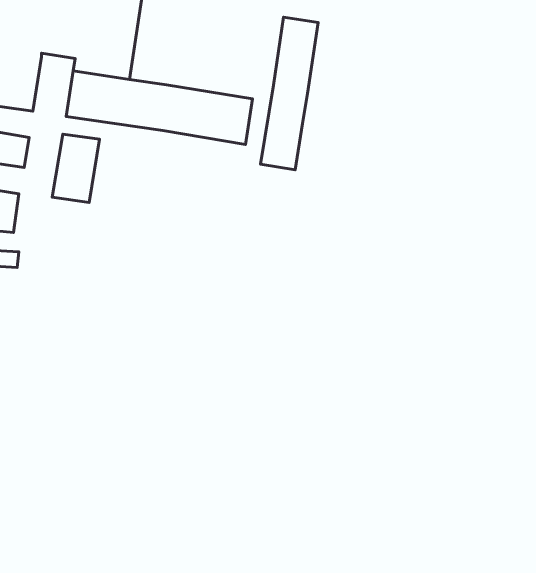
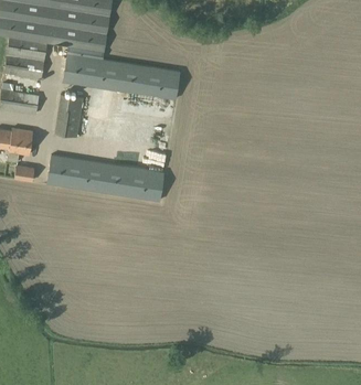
building: [260,17,318,170] -> none
building: none -> [47,154,164,201]

